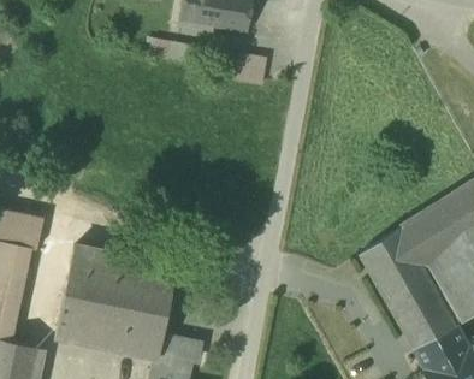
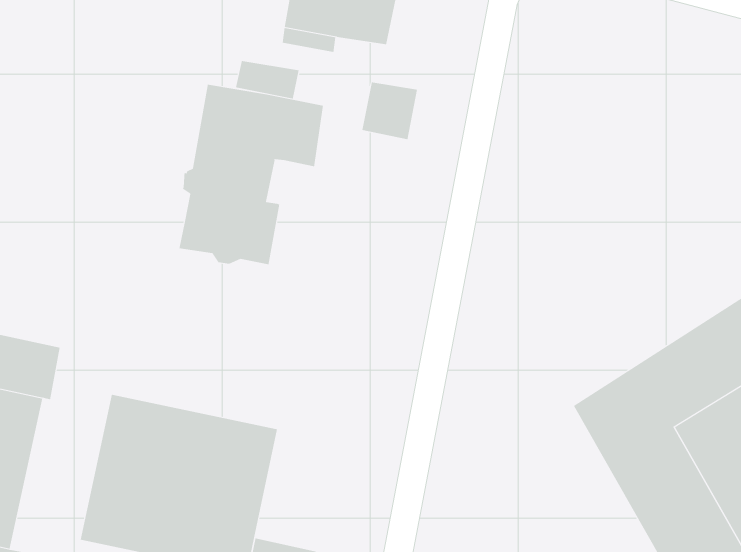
building: none -> [179,84,323,265]

